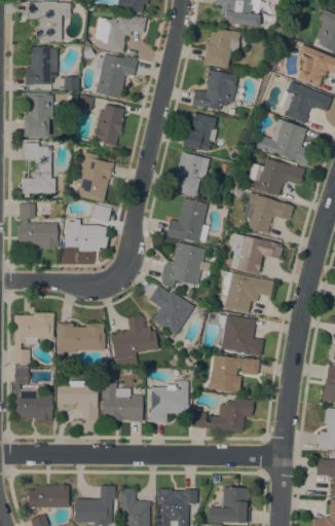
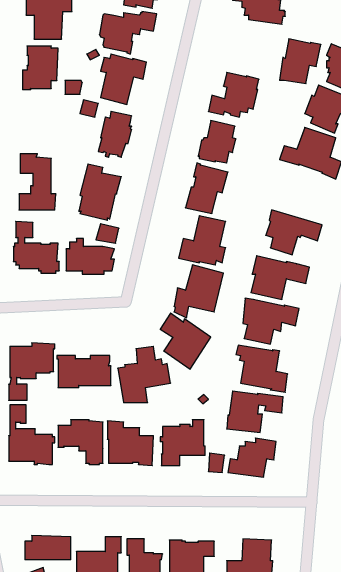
building: [203,28,240,68] -> [280,39,321,84]
building: [24,92,52,137] -> none
building: [249,158,304,196] -> none

